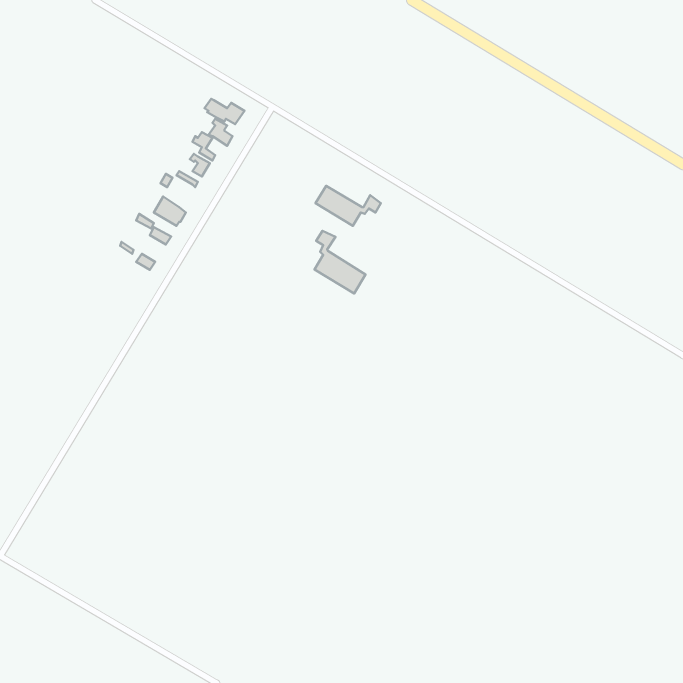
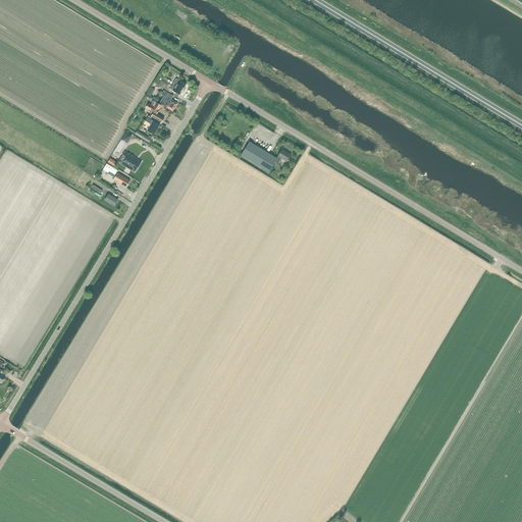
building: [314,231,366,294] -> none

